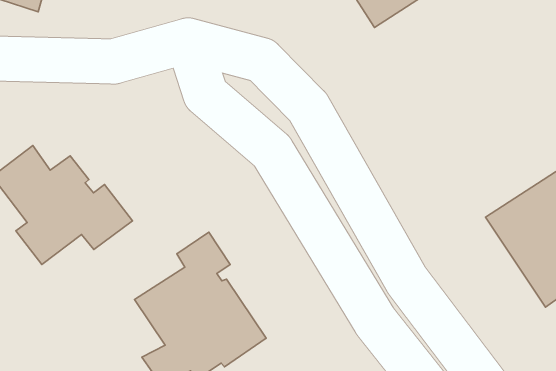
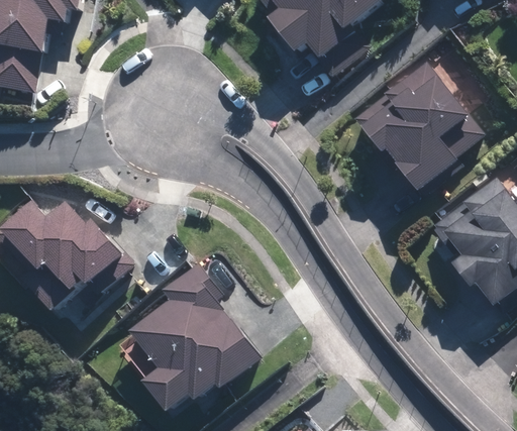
building: none -> [352,61,483,194]

